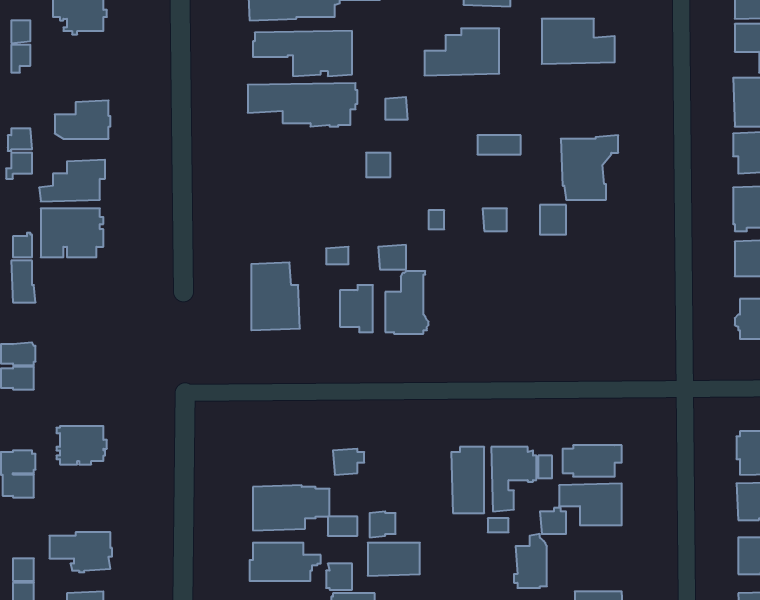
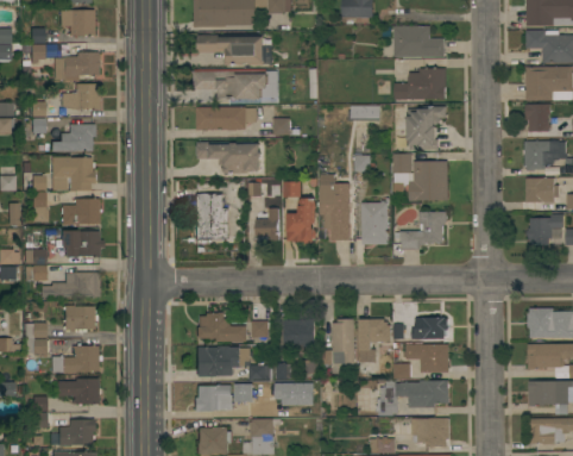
building: [424,28,499,75] -> [395,68,446,100]
building: none -> [53,51,100,79]
building: none -> [196,107,256,130]
building: none -> [196,142,263,174]
building: none -> [409,162,448,201]
building: none -> [321,176,351,241]
building: none -> [61,198,102,224]
building: none -> [363,198,390,245]
building: none -> [401,212,448,250]
building: none -> [62,230,105,264]
building: none -> [42,271,100,296]
building: none -> [197,312,247,342]
building: none -> [284,319,315,351]
building: none -> [51,343,102,371]
building: none -> [401,380,449,408]

